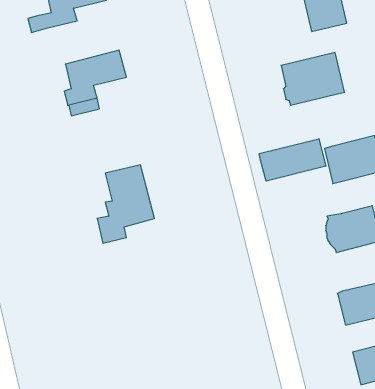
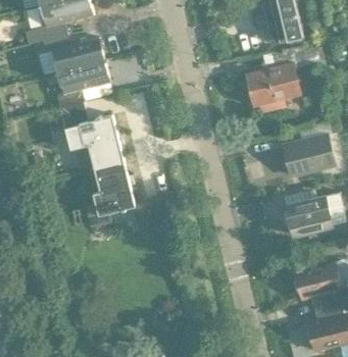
building: none -> [42,35,104,72]
building: none -> [64,115,122,167]
building: [259,139,326,181] -> none

